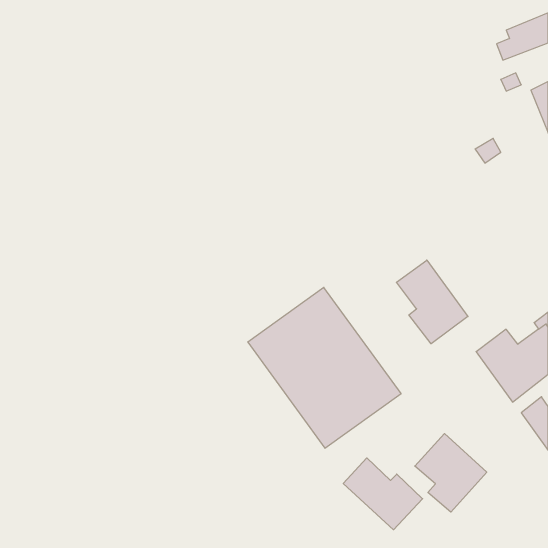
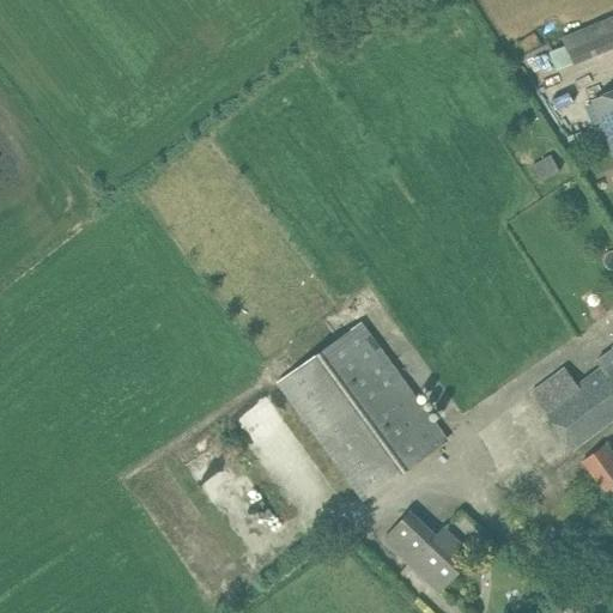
building: [396,260,468,344] -> none
building: [415,434,487,512] -> none

